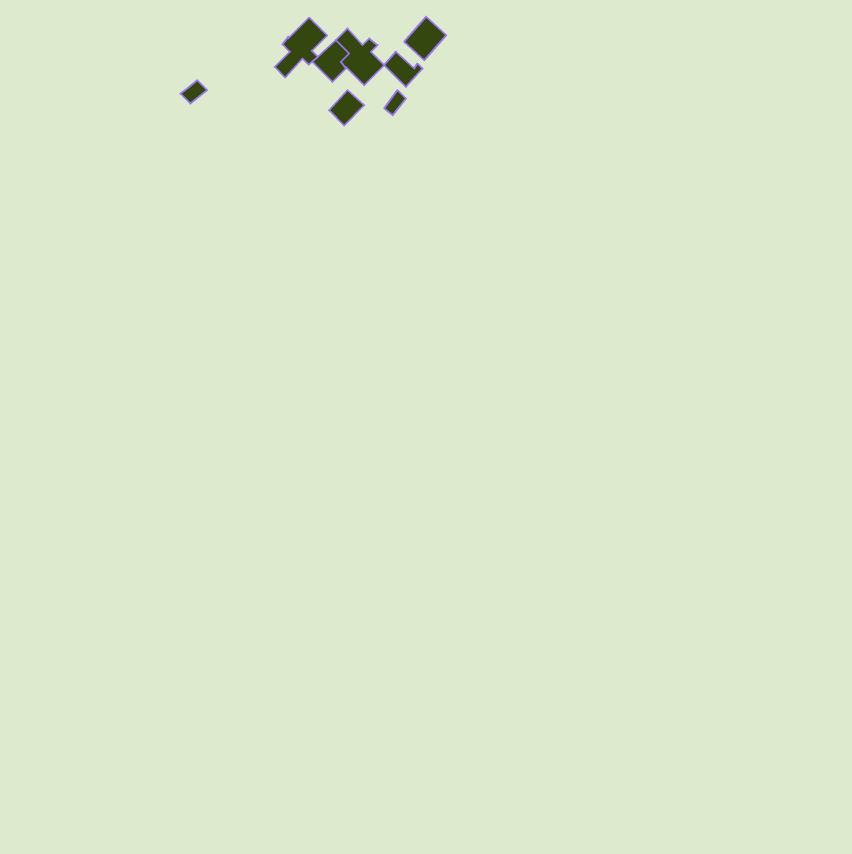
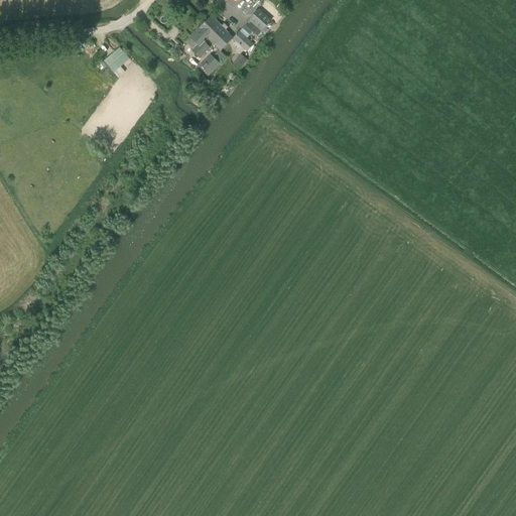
building: [275,18,327,77] -> none

